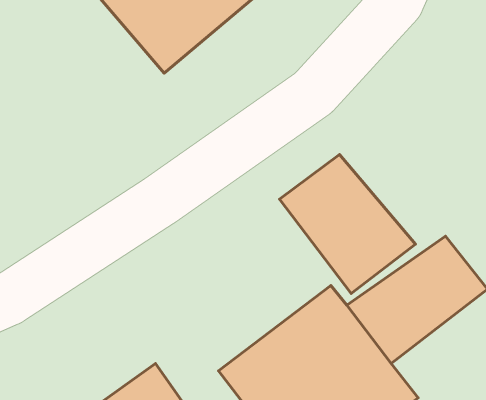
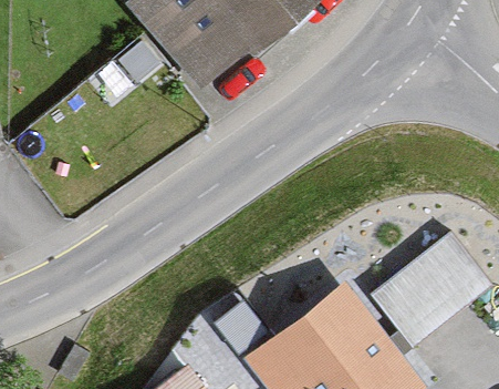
building: [280,155,415,293] -> none

